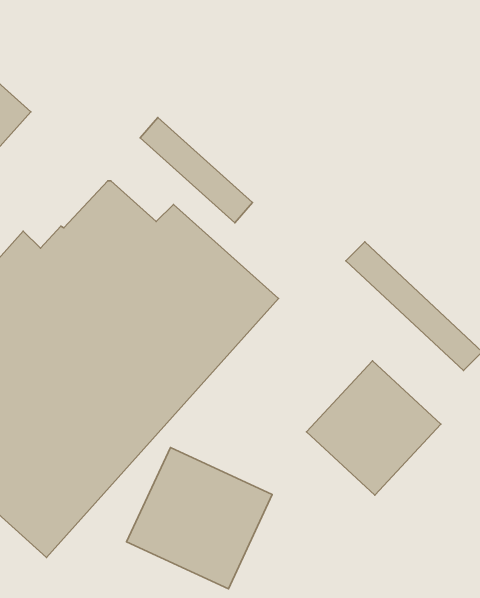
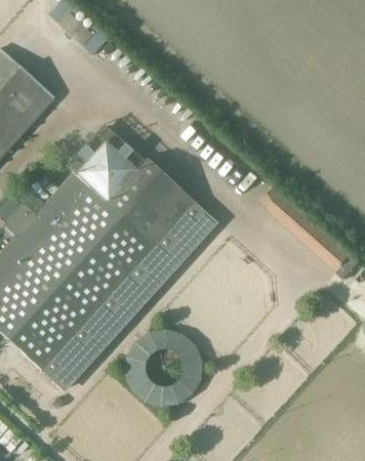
building: [140,117,252,223] -> none
building: [306,361,441,495] -> none

